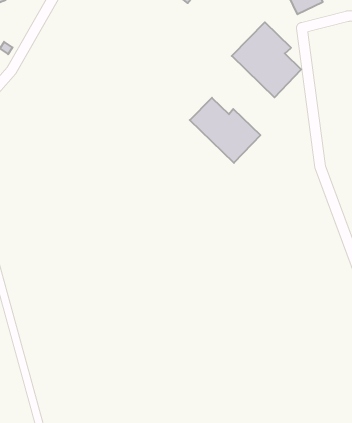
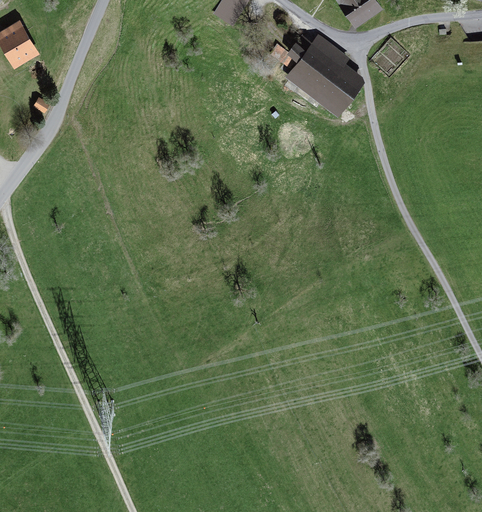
building: [190,98,260,163] -> none

